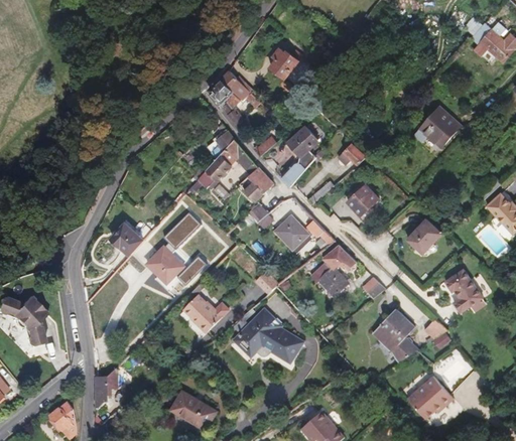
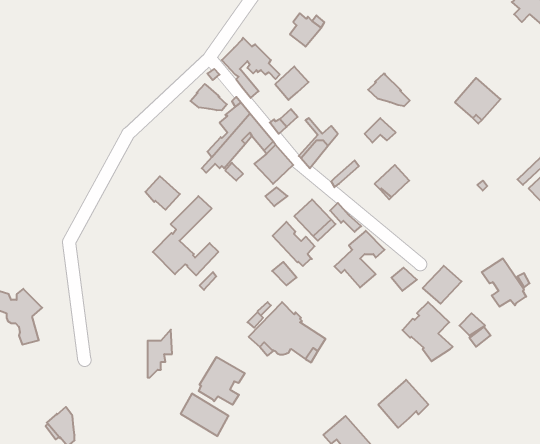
building: none -> [368,73,410,106]
building: none -> [190,84,227,110]
building: [287,126,317,156] -> [275,66,309,100]
building: [406,218,441,253] -> [423,266,462,304]
building: [112,224,143,254] -> [145,176,180,210]
building: none -> [273,222,315,266]
building: [183,294,228,331] -> none
building: none -> [199,357,245,405]
building: [96,366,118,410] -> [148,330,172,378]
building: [407,376,453,419] -> [378,380,428,428]

